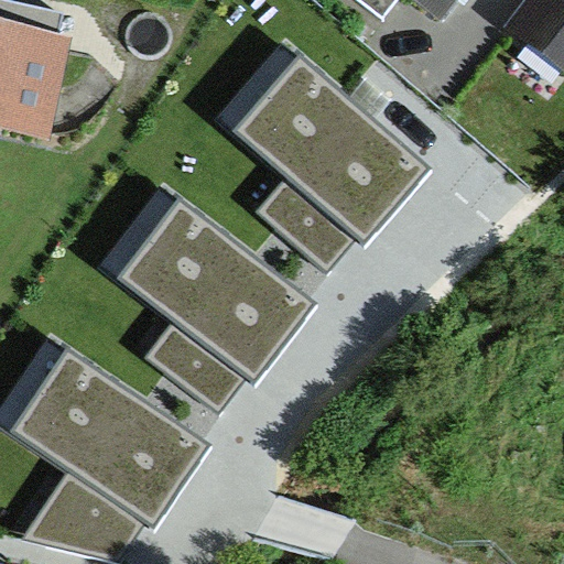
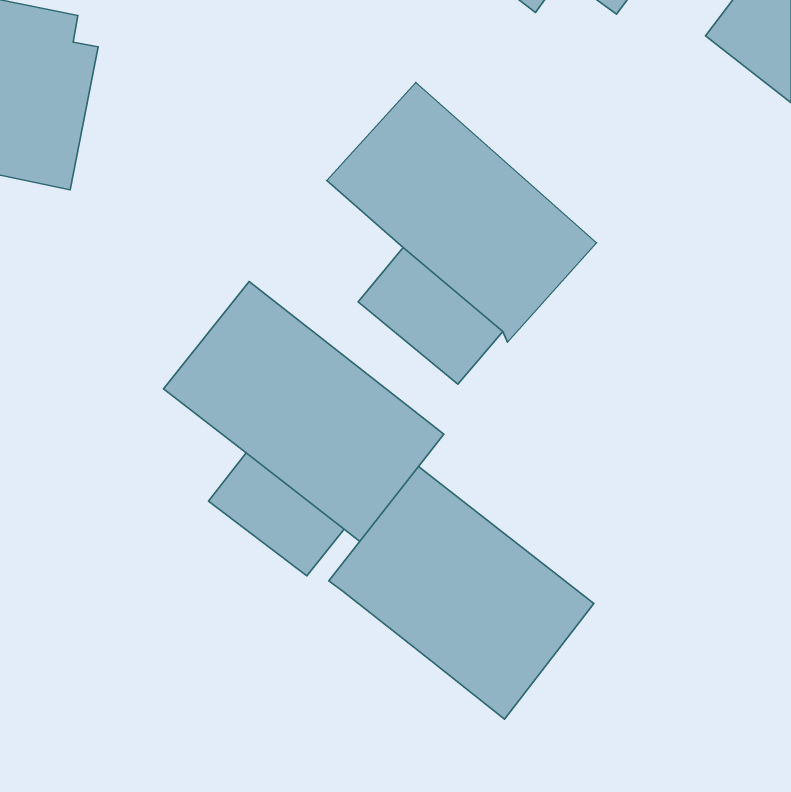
building: none -> [329,467,594,719]
building: [7,343,208,555] -> none

